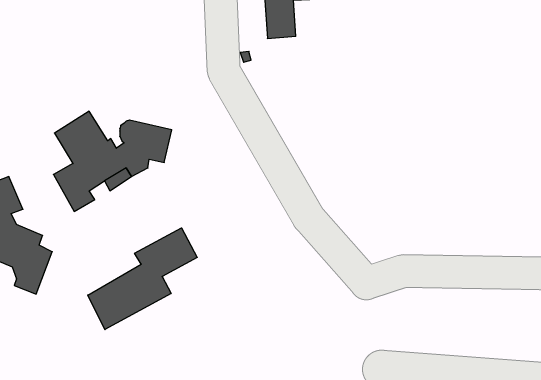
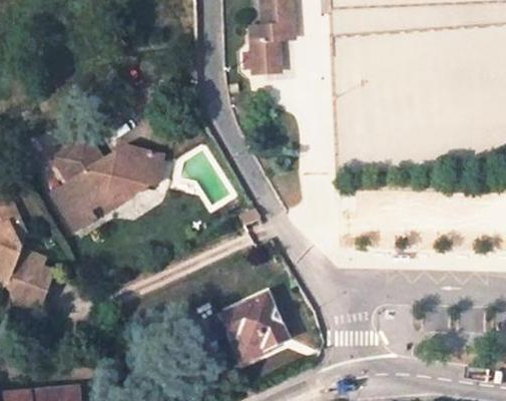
building: [88,228,197,330] -> none
building: none -> [219,296,284,364]

